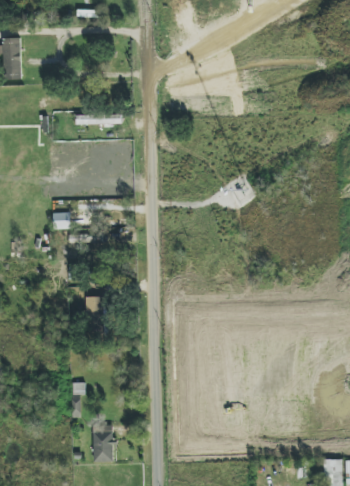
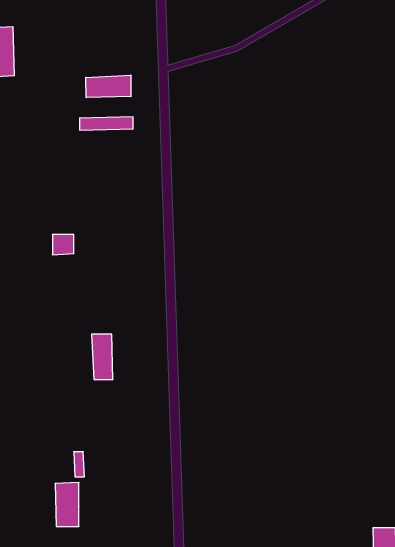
building: none -> [86,75,131,98]
building: [92,424,112,461] -> [55,482,79,526]

